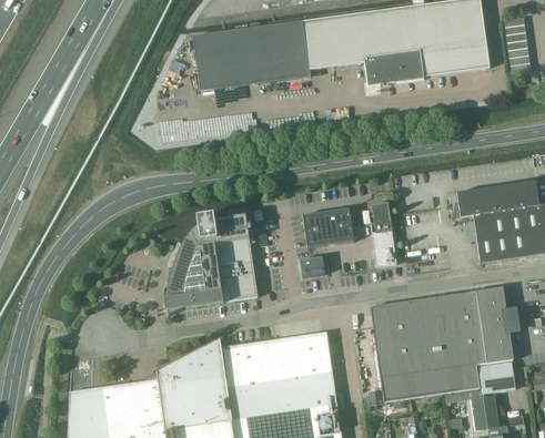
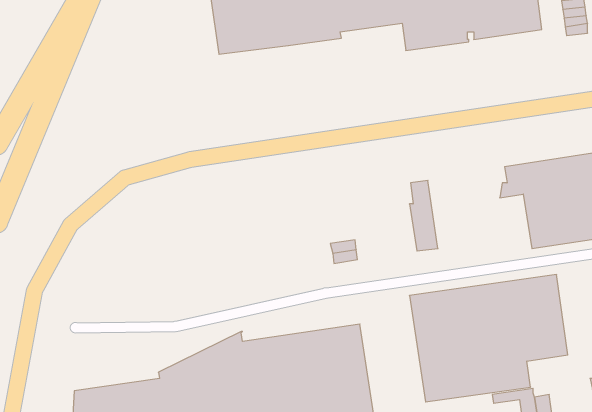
building: [302,206,354,246] -> none
building: [168,214,258,314] -> none
building: [478,360,515,393] -> none

